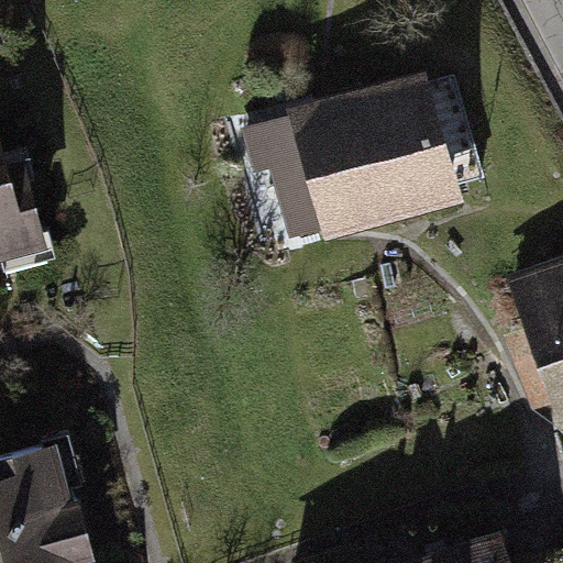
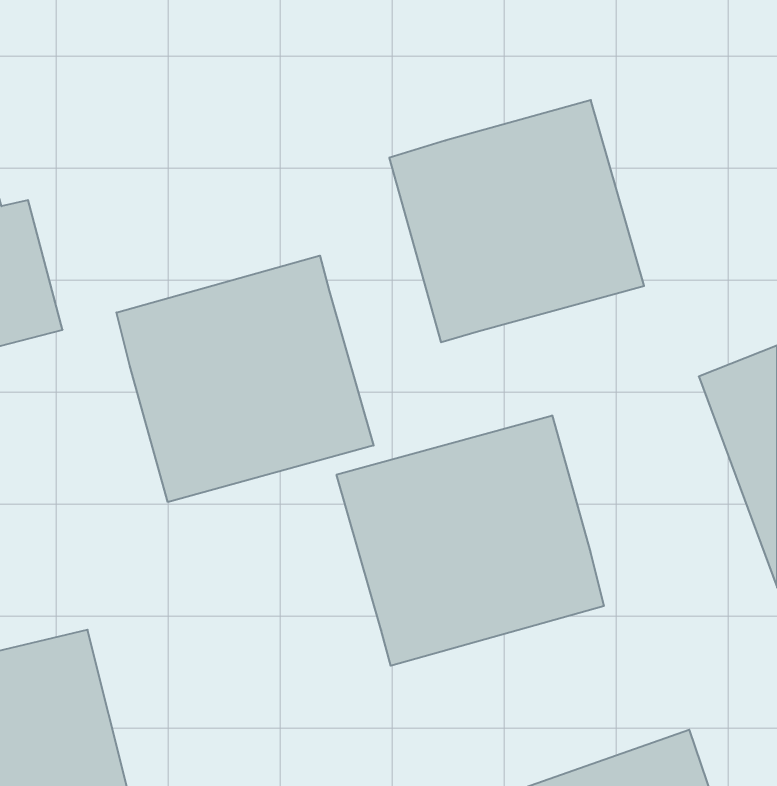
building: none -> [116,256,374,502]
building: none -> [337,415,604,666]

